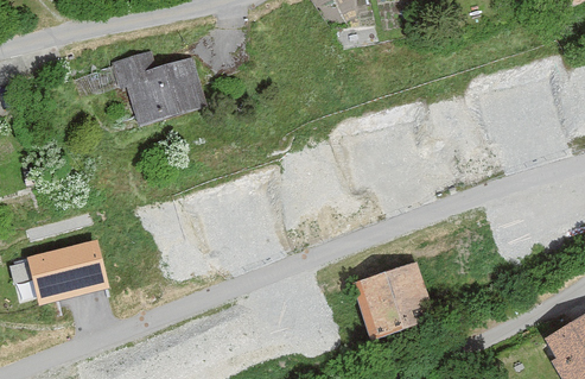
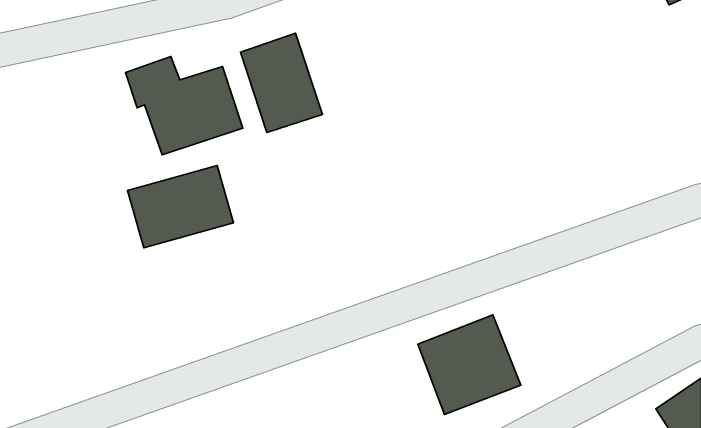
building: none -> [241,33,323,132]
building: [21,238,107,304] -> [128,166,233,248]

